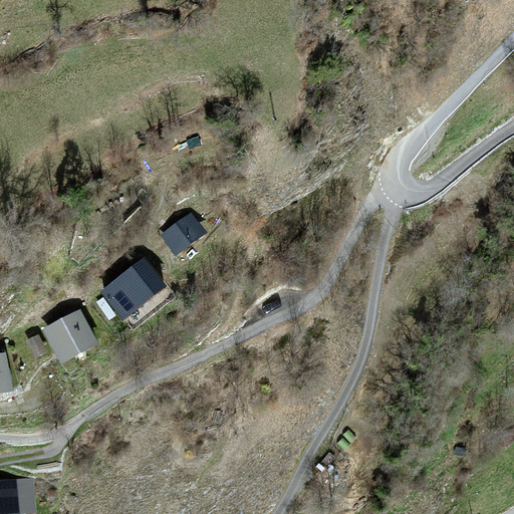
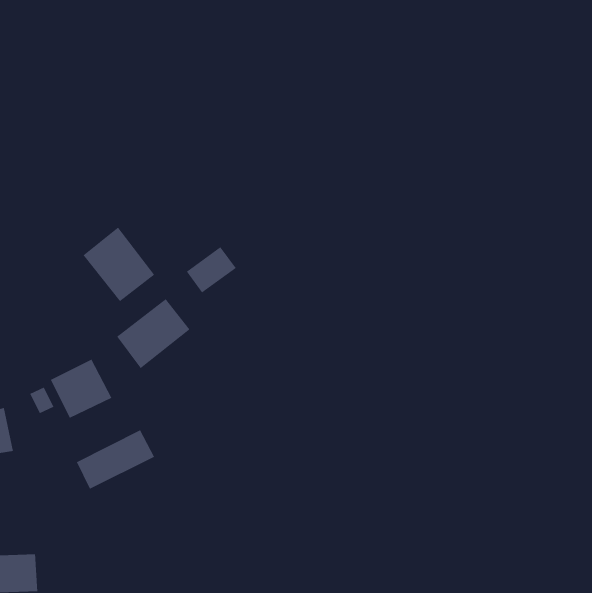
building: none -> [83,227,155,302]
building: none -> [76,429,155,490]

